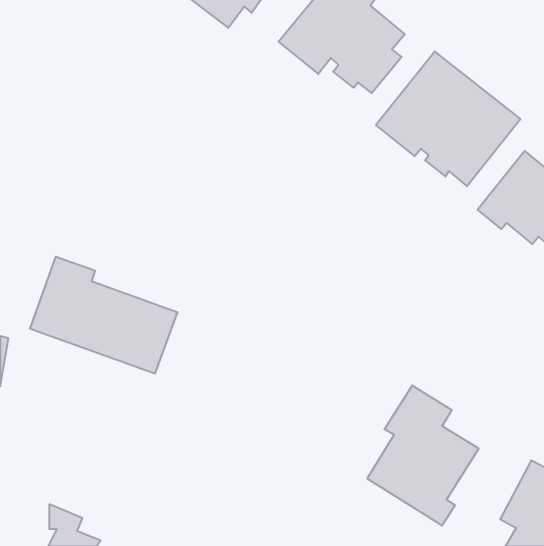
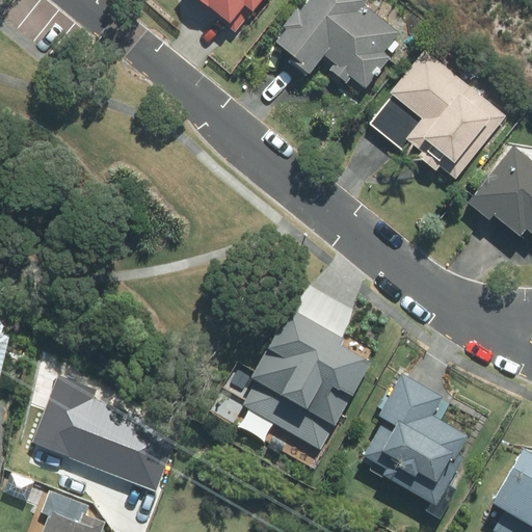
building: [30,257,178,373] -> [37,373,181,486]
building: none -> [241,309,369,464]

